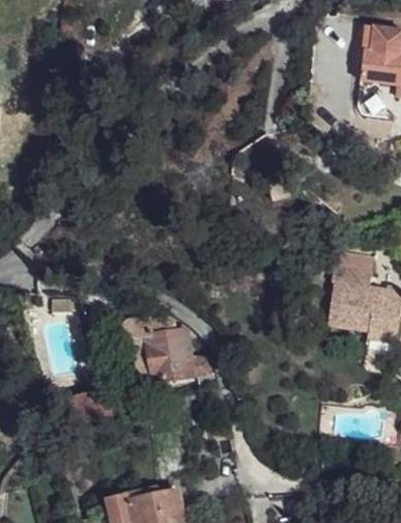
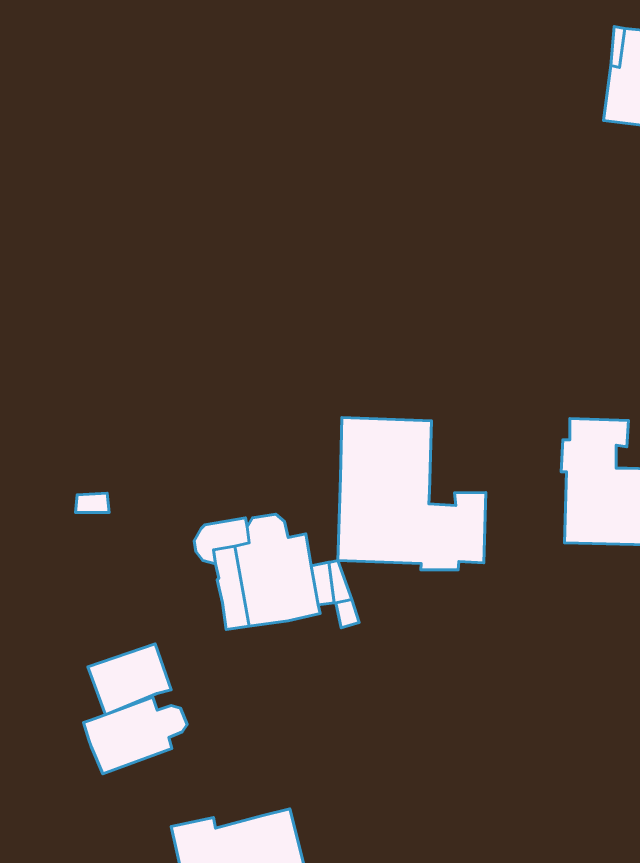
building: none -> [338,417,486,570]
building: none -> [84,697,187,774]

